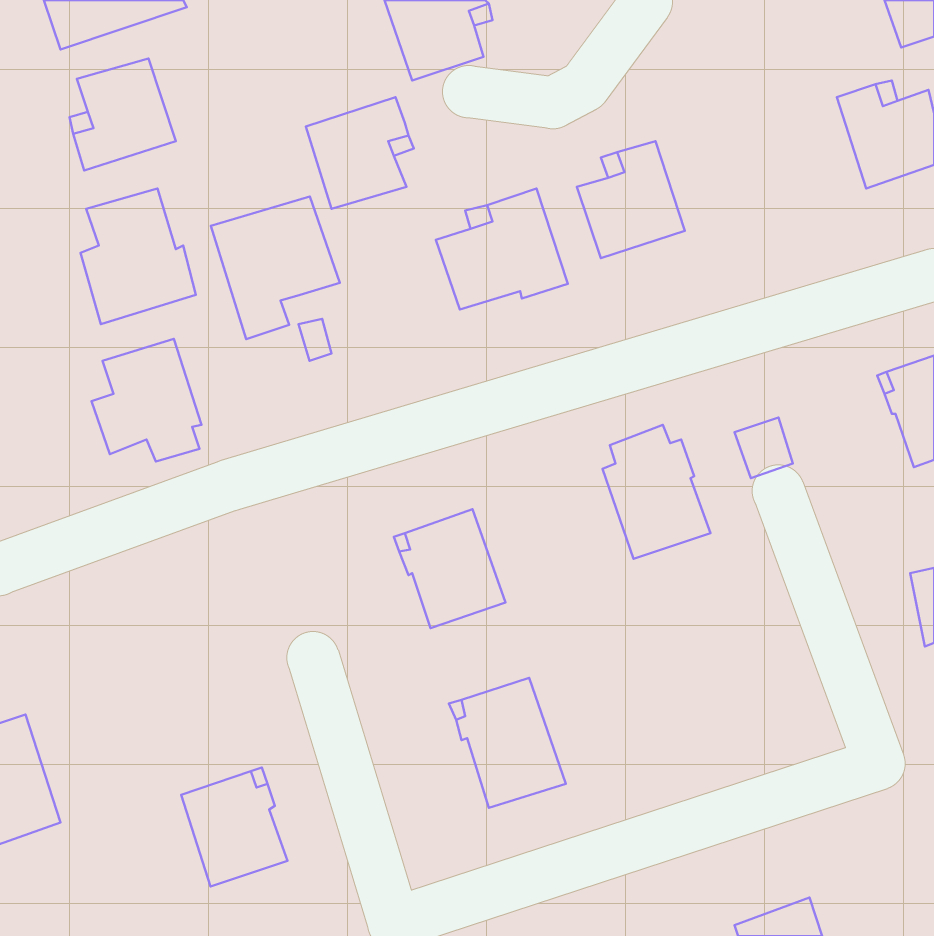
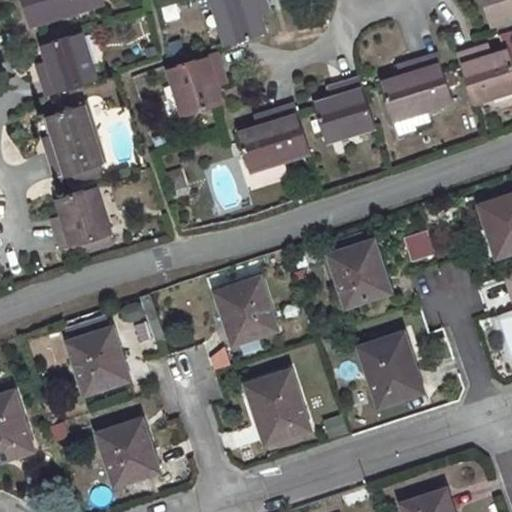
building: none -> [380,53,452,134]
building: [211,196,340,339] -> none
building: none -> [67,329,126,393]
building: none -> [359,335,422,406]

